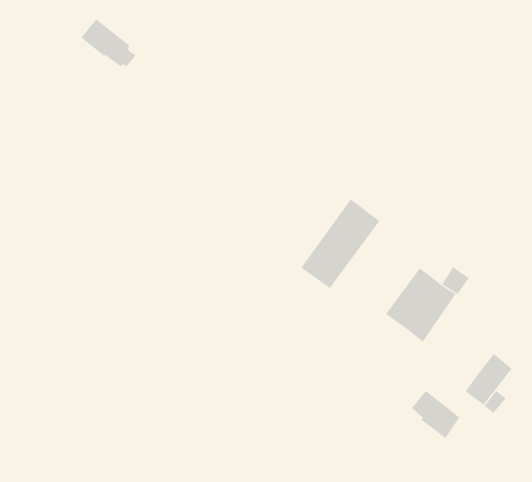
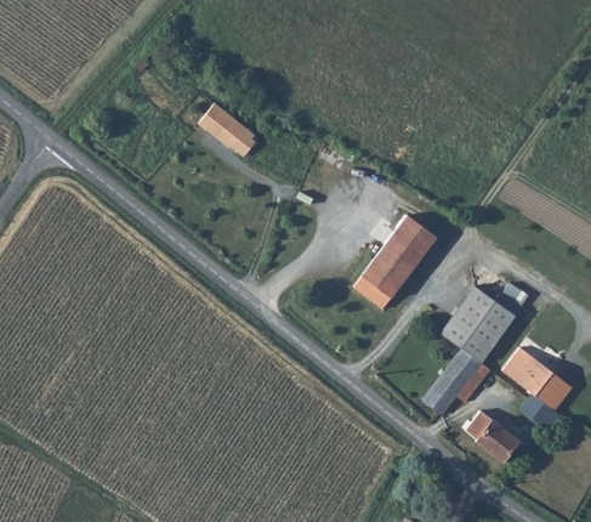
building: [80,18,136,67] -> [200,103,257,153]
building: none -> [422,348,489,415]
building: none -> [502,348,552,396]

